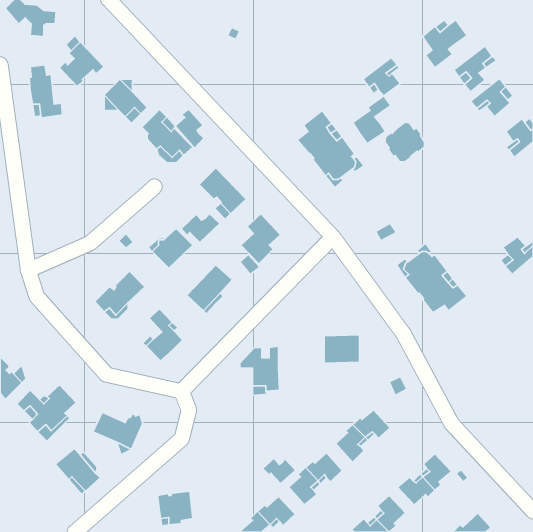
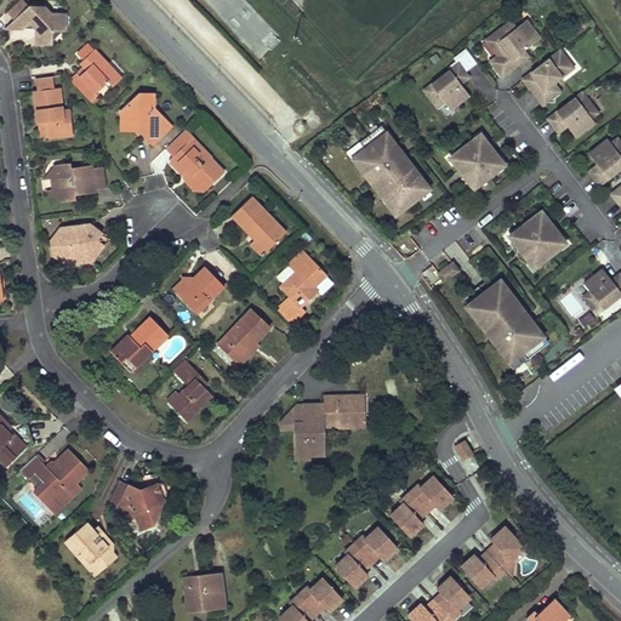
building: [353,96,391,144] -> none
building: [175,109,204,148] -> none
building: none -> [52,163,104,200]
building: none -> [511,222,558,268]
building: none -> [51,223,103,263]
building: [181,214,220,243] -> none
building: [324,335,360,363] -> [324,394,365,427]
building: [263,458,295,484] -> none

